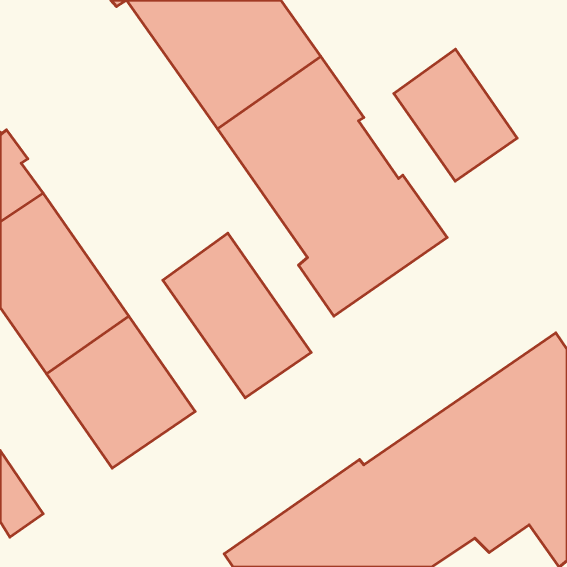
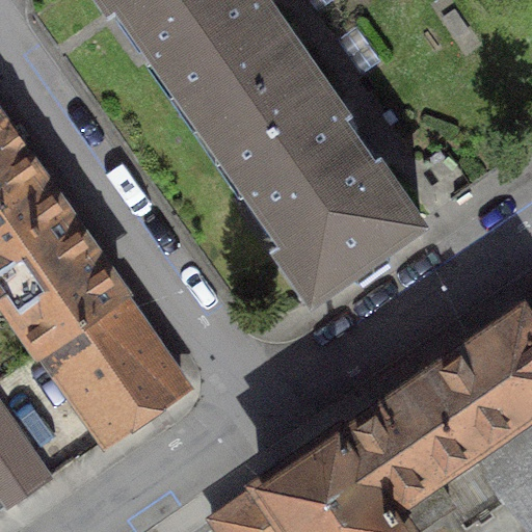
building: [394,49,517,181] -> none
building: [163,233,311,398] -> none

